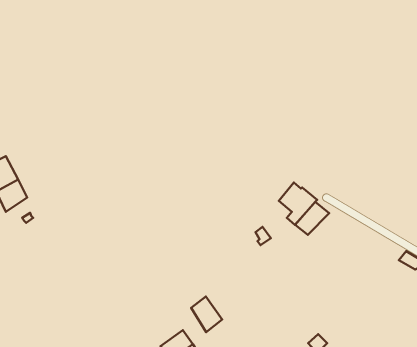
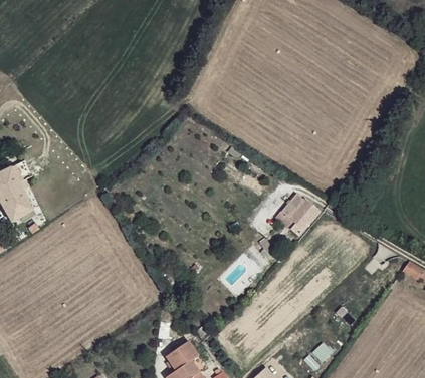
building: [295,202,329,235] -> none
building: [191,296,222,332] -> none

